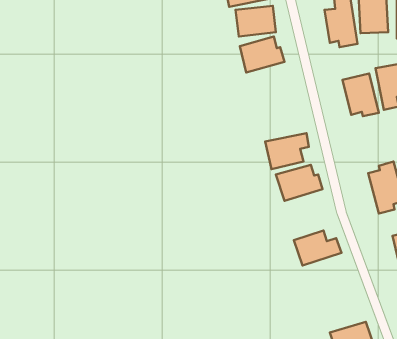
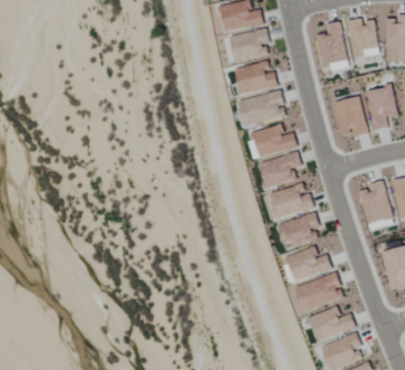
building: none -> [237,90,286,127]
building: none -> [253,124,298,156]
building: none -> [277,212,320,247]
building: none -> [296,274,344,310]
building: none -> [309,306,356,341]

